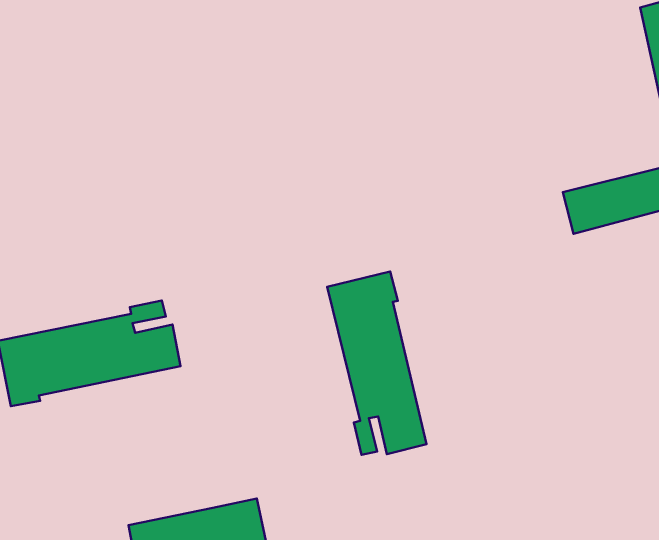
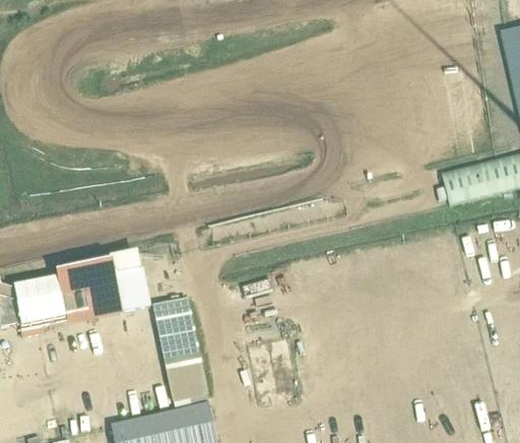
building: [327,271,427,455] -> none
building: none -> [154,297,209,410]

